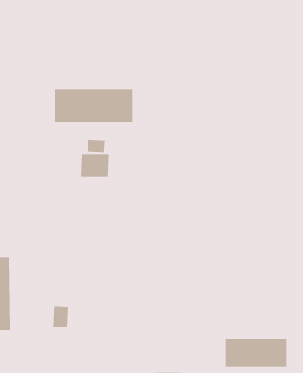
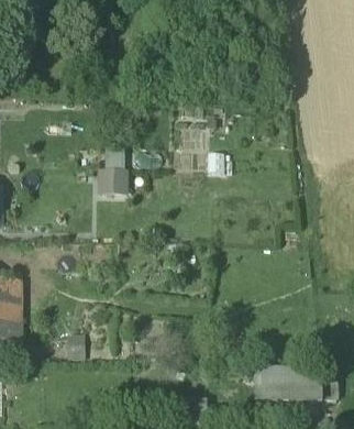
building: [54,88,133,123] -> none

